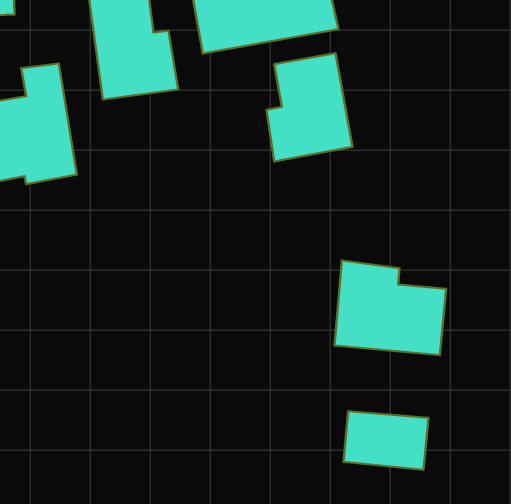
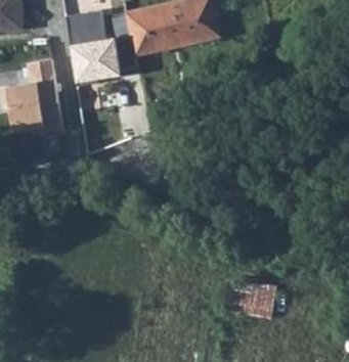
building: [267,53,353,161] -> none
building: [334,261,446,355] -> none

